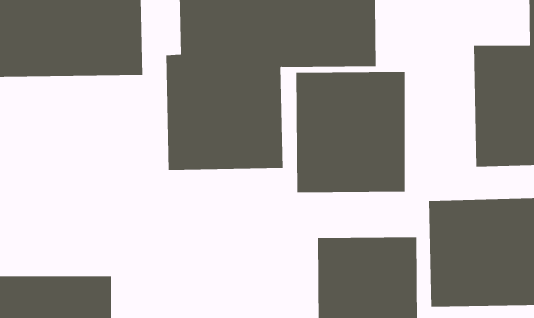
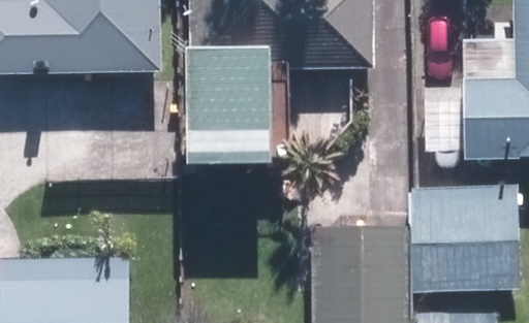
building: [296,71,405,193] -> none

